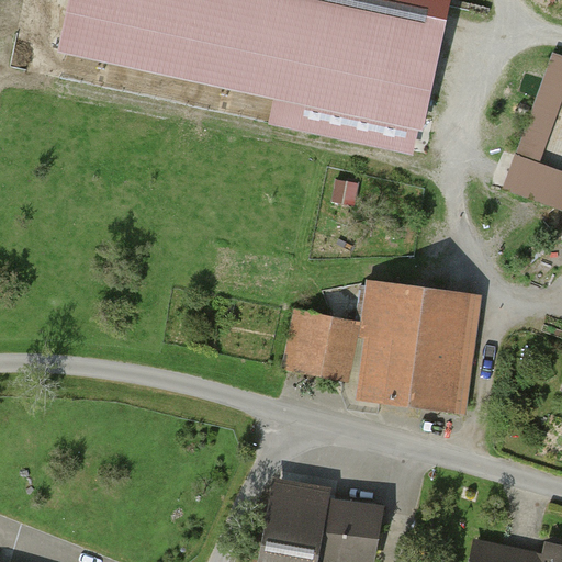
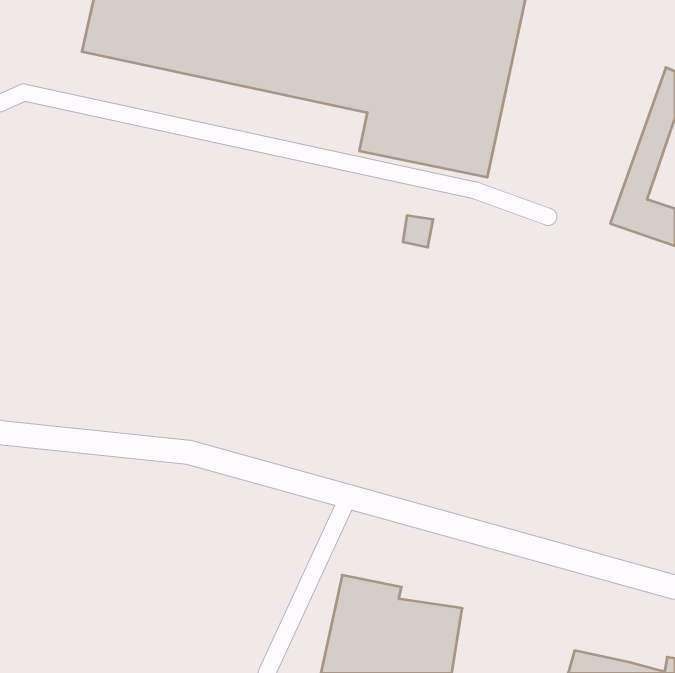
building: [286,286,477,409] -> none

